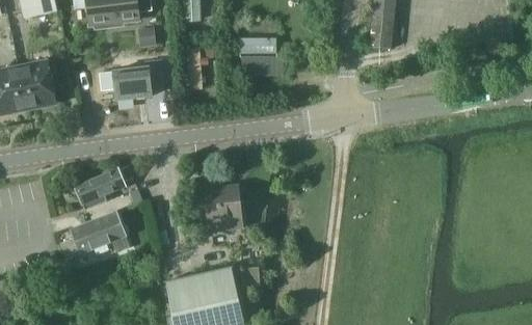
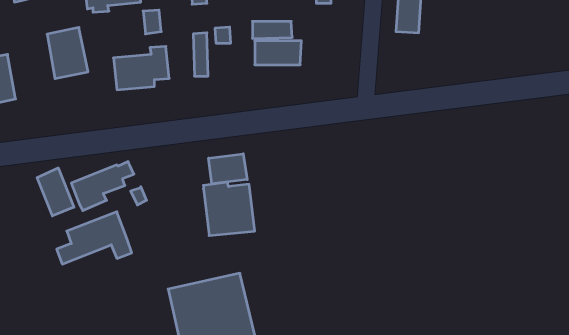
building: [17,61,54,108] -> [47,27,88,79]
building: none -> [209,154,247,184]
building: none -> [37,168,74,216]

